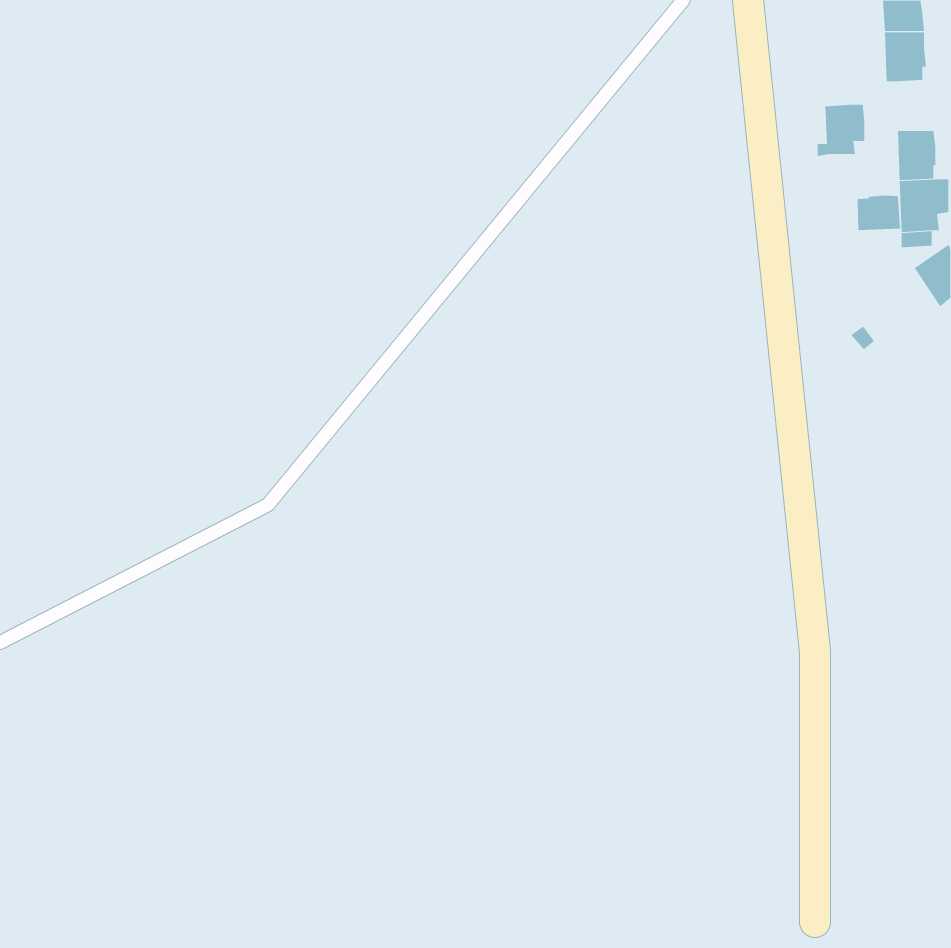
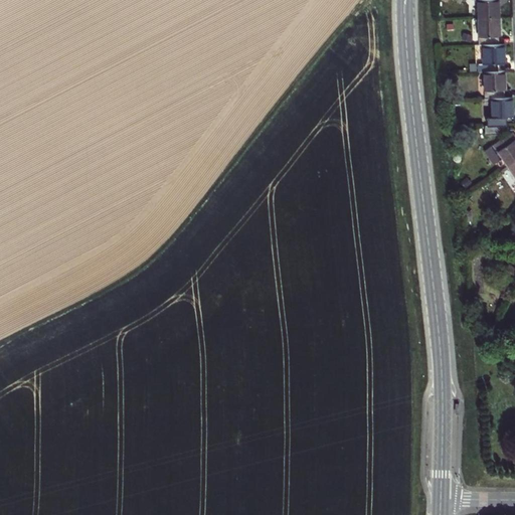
building: [817,104,865,156] -> [479,45,505,73]
building: [857,195,901,231] -> none

